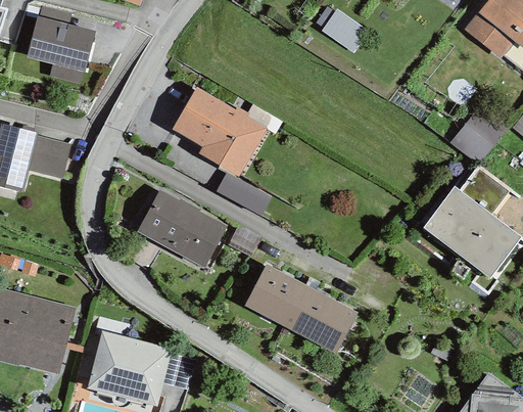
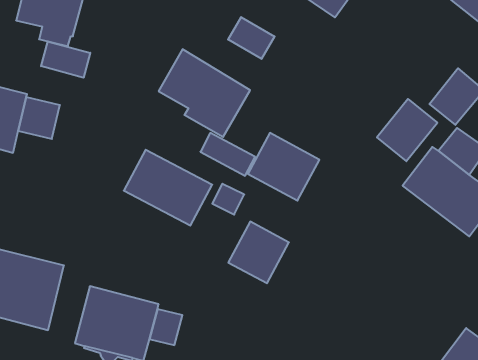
building: none -> [228,17,275,59]
building: none -> [41,41,90,78]
building: none -> [377,99,437,161]
building: [283,284,356,354] -> [248,133,319,201]

